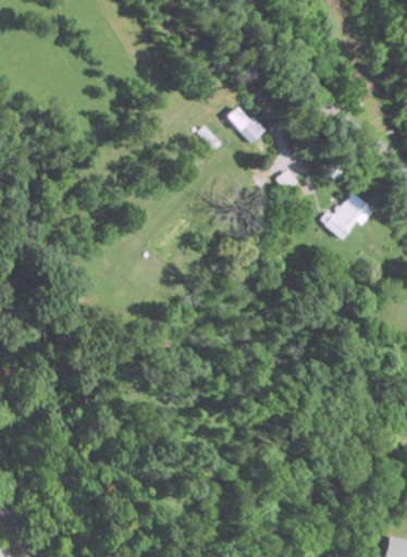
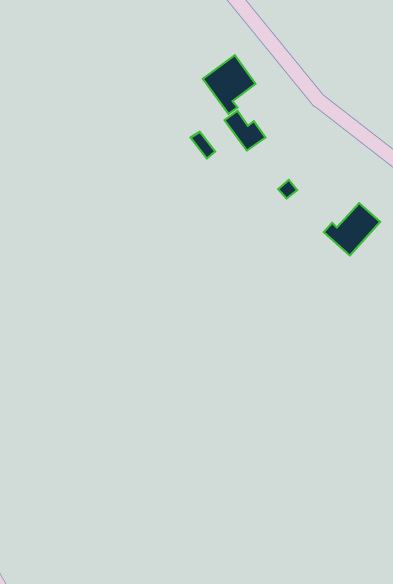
building: none -> [203,55,256,114]

